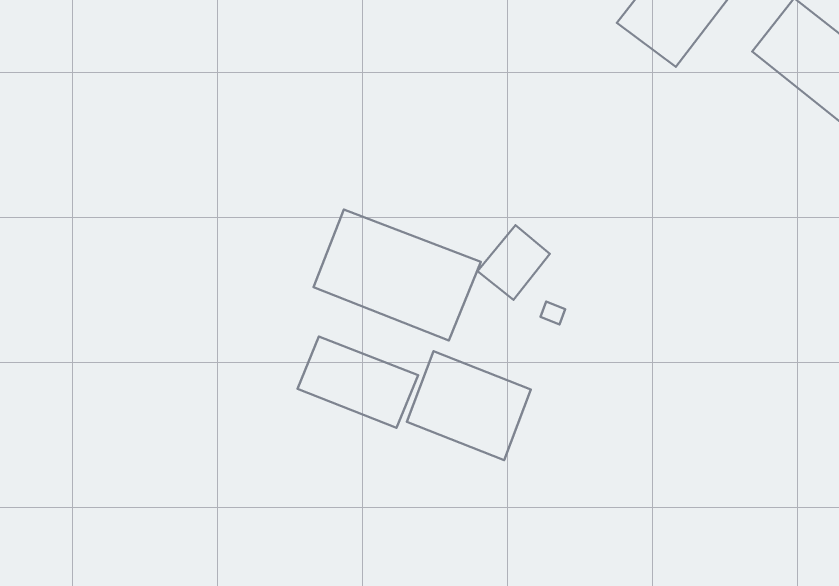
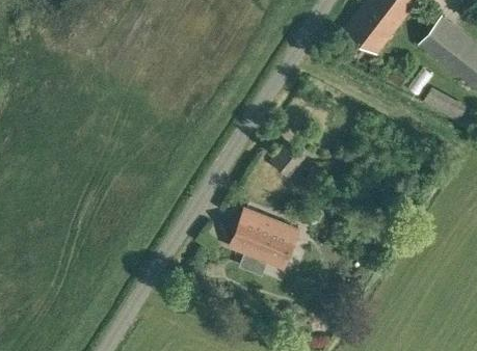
building: [313,210,481,340] -> none
building: [297,336,418,428] -> none

